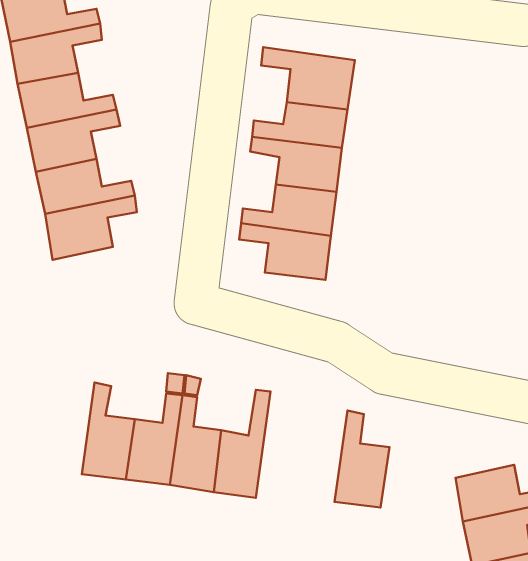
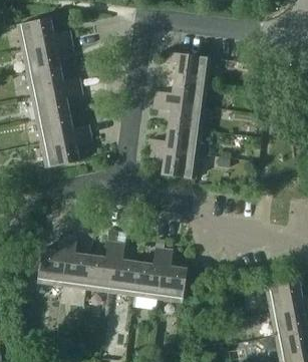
building: none -> [37,234,69,285]
building: [335,410,390,507] -> [158,248,188,301]

